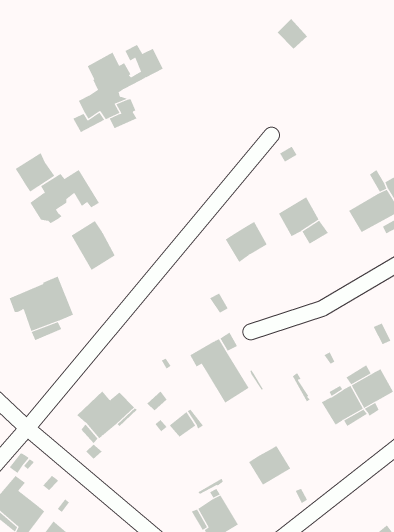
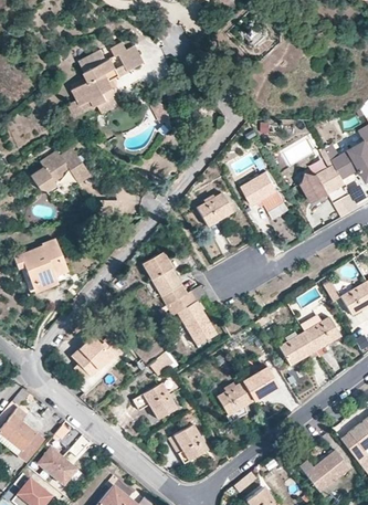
building: [15,152,55,193] -> none
building: [71,220,116,271] -> none
building: none -> [143,251,188,305]
building: none -> [241,366,278,401]
building: none -> [143,382,177,419]

